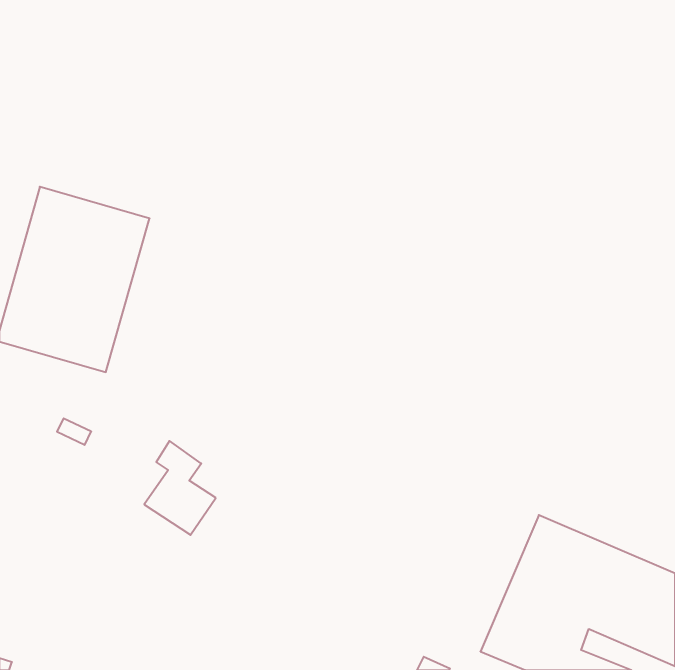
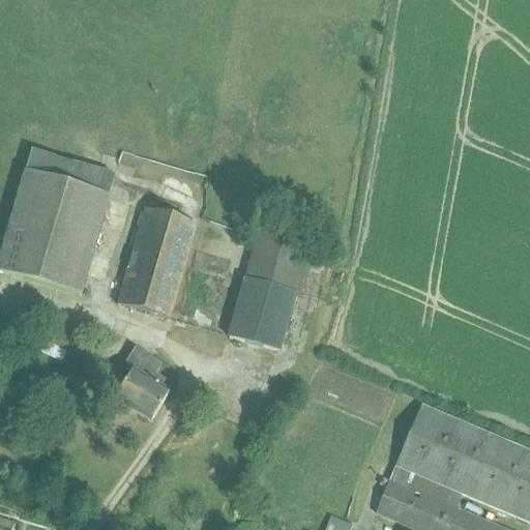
building: none -> [118,208,198,317]
building: none -> [230,232,310,348]

